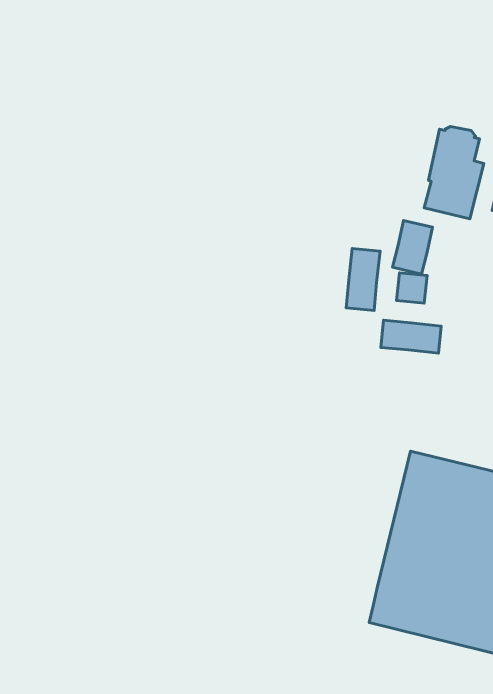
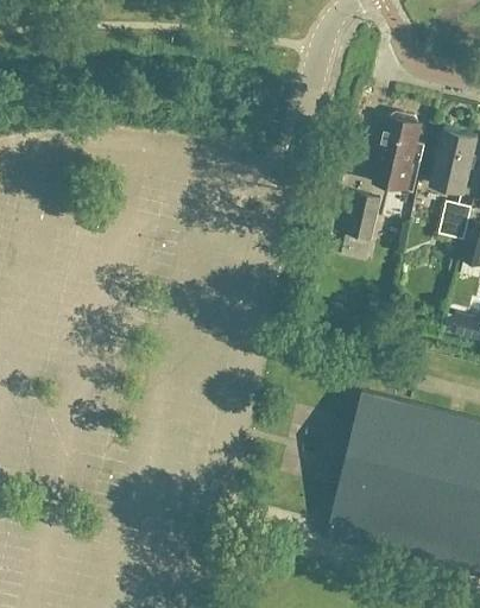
building: [346,249,380,311] -> none
building: [381,320,441,353] -> none

